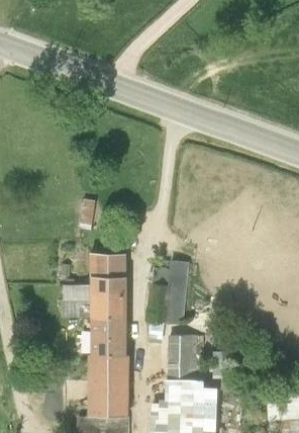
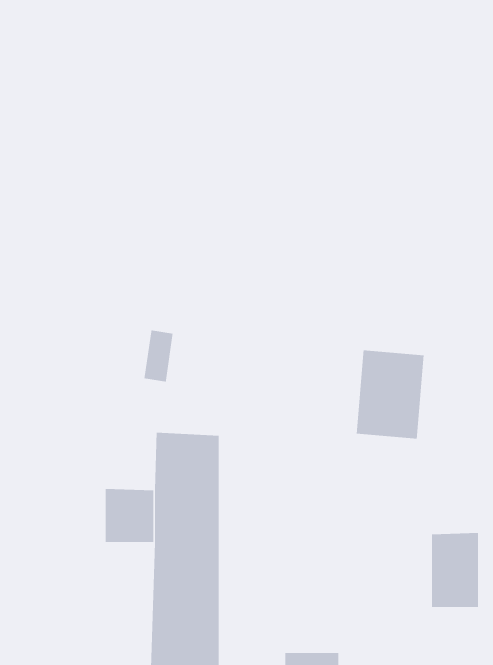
building: [147,274,187,326] -> [356,350,425,439]
building: [169,340,196,383] -> [431,532,479,608]

